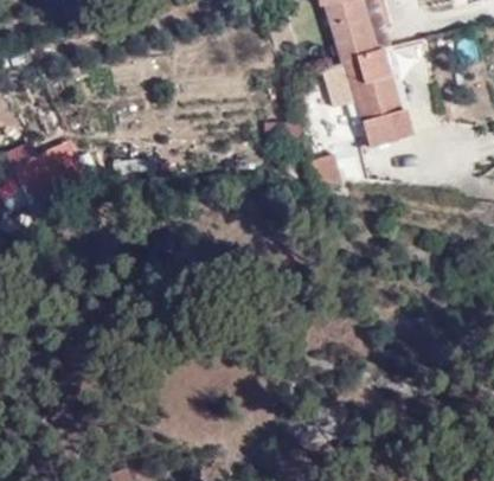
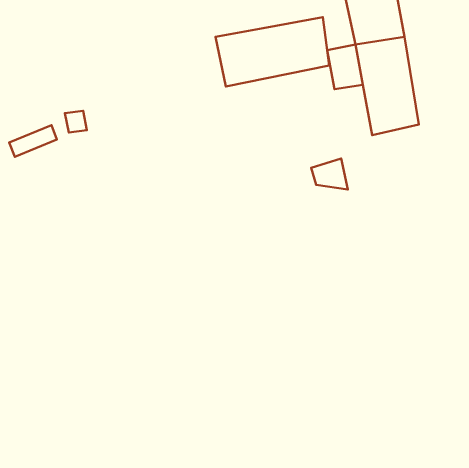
building: none -> [216,17,329,86]

